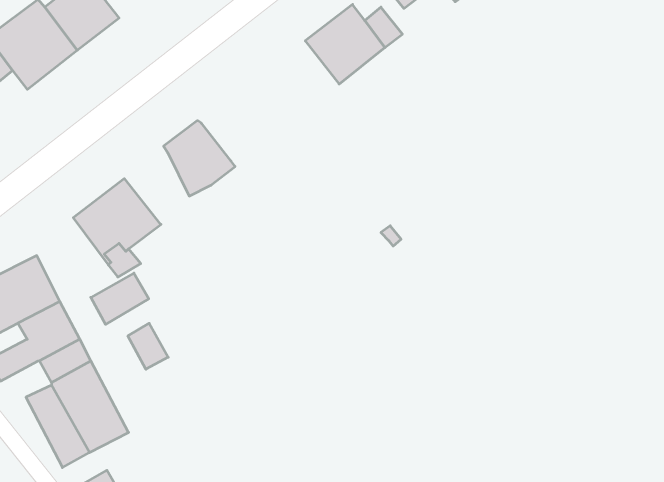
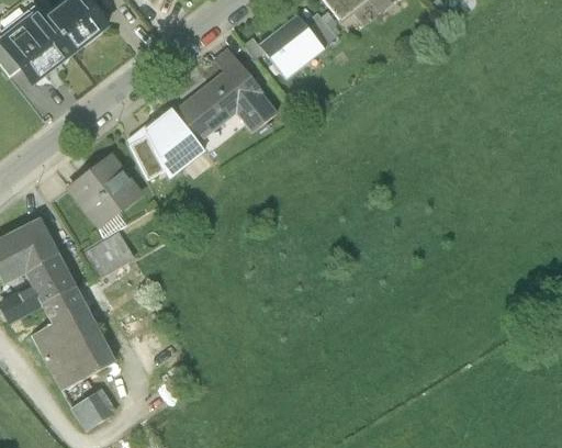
building: none -> [175,48,277,141]
building: none -> [131,134,165,178]
building: [128,323,168,369] -> none

